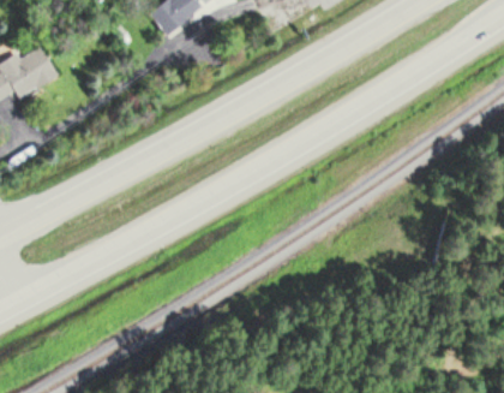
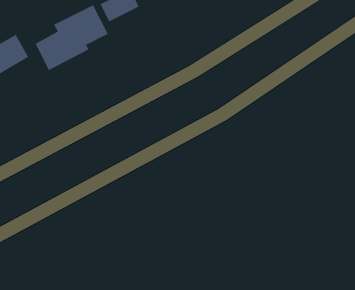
building: none -> [34,4,109,71]

